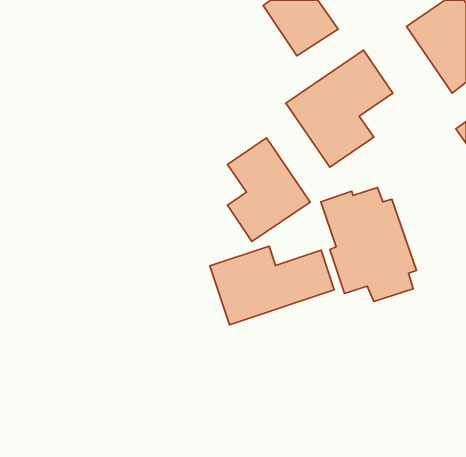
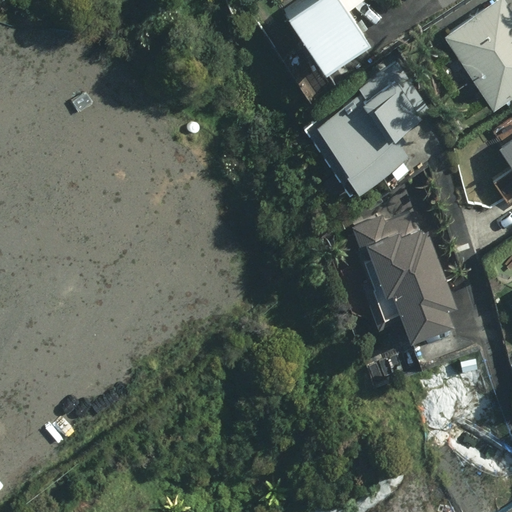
building: [227,138,310,242] -> none
building: [210,246,334,325] -> none

